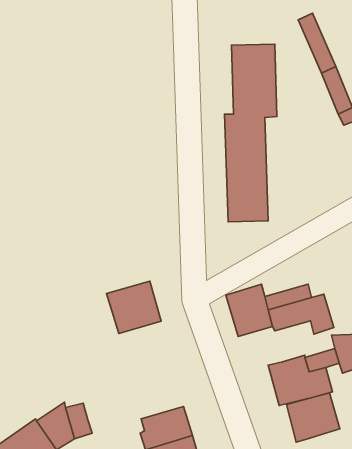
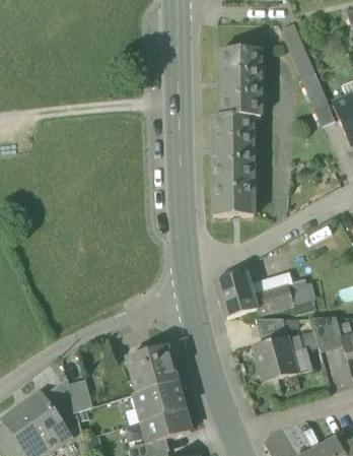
building: [106,281,161,333] -> [127,344,176,392]
building: none -> [256,316,288,340]
building: [286,393,340,442] -> none

